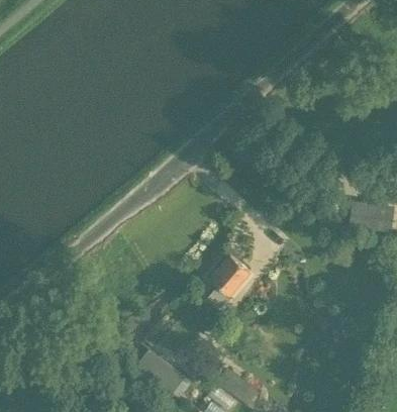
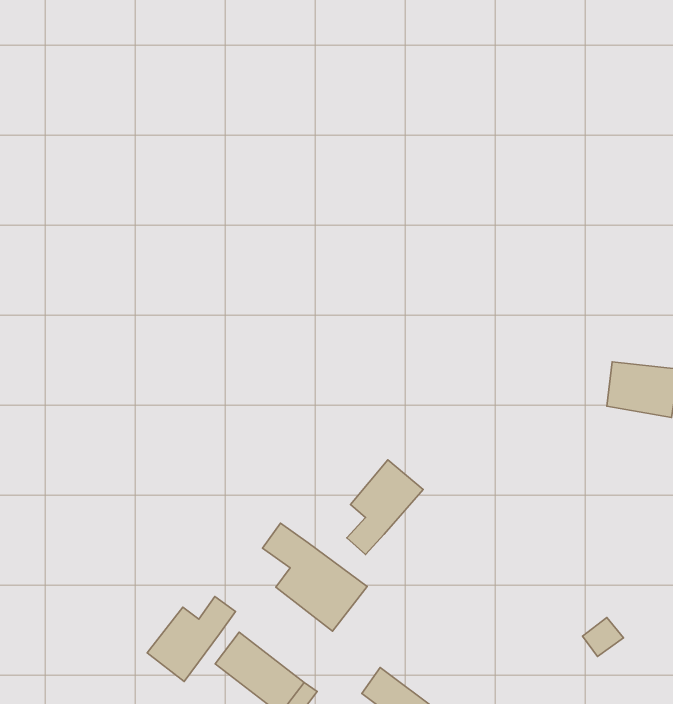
building: none -> [263,523,367,631]
building: none -> [147,597,235,681]

